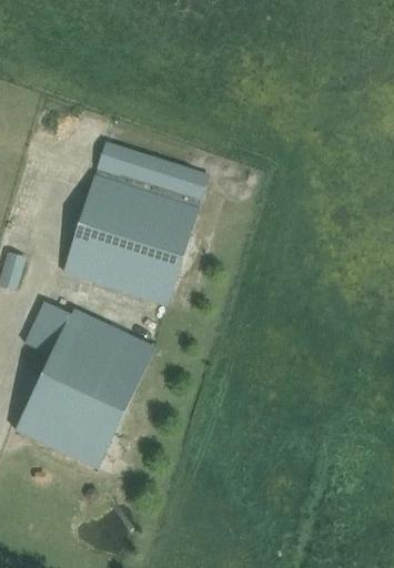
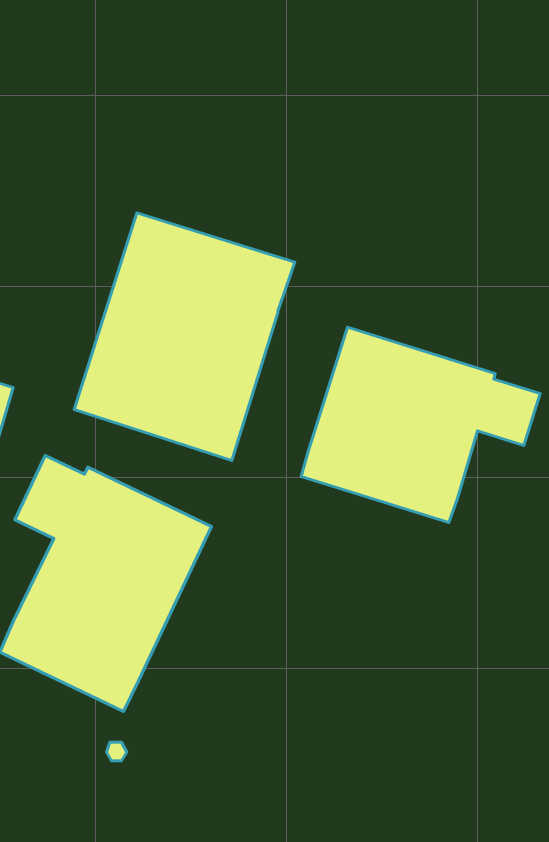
building: none -> [301,327,540,523]

